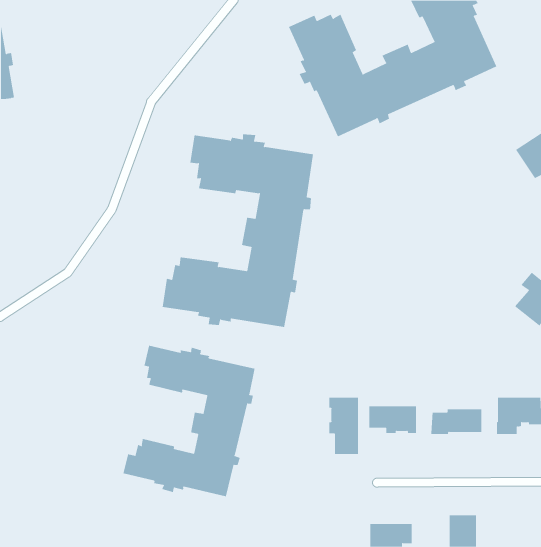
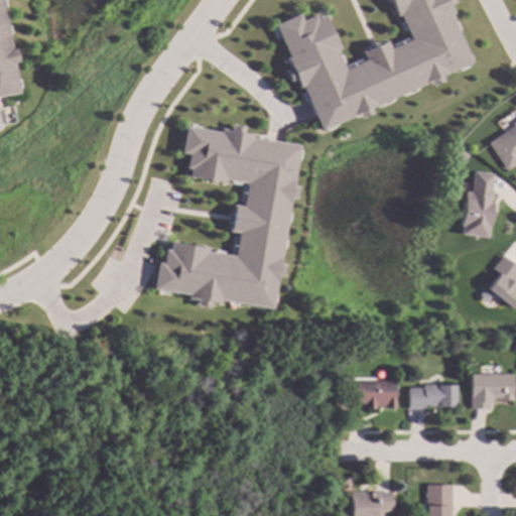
building: none -> [465,170,498,238]
building: [123,345,255,497] -> none
building: [329,397,358,455] -> none

